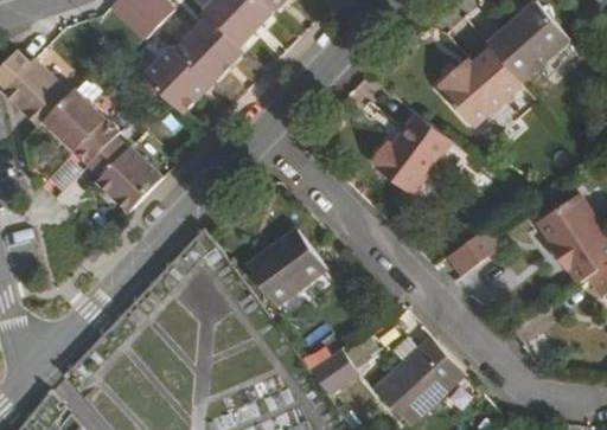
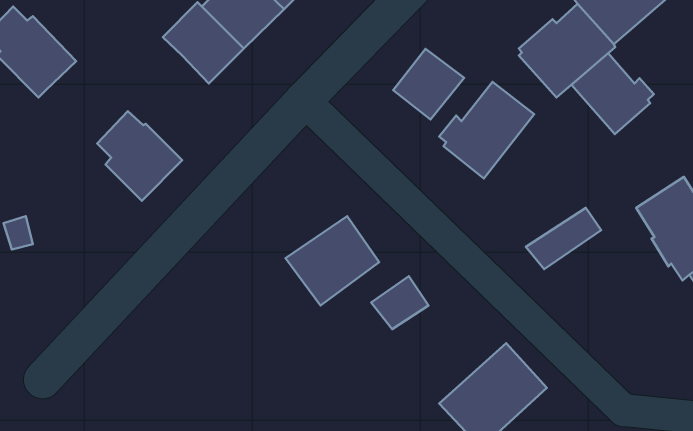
building: none -> [393,49,464,120]
building: none -> [571,53,654,134]
building: [40,90,115,166] -> none
building: [308,345,357,390] -> [371,276,428,329]

